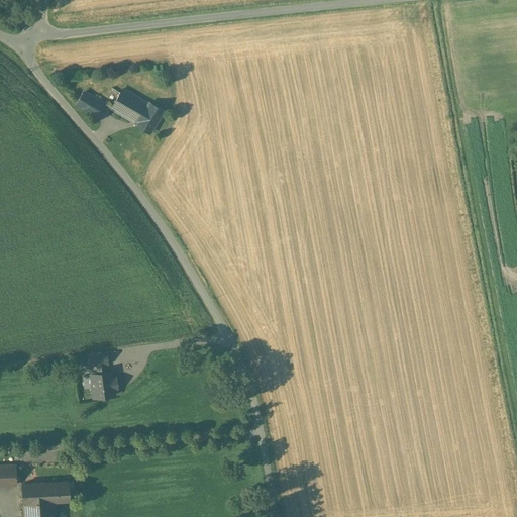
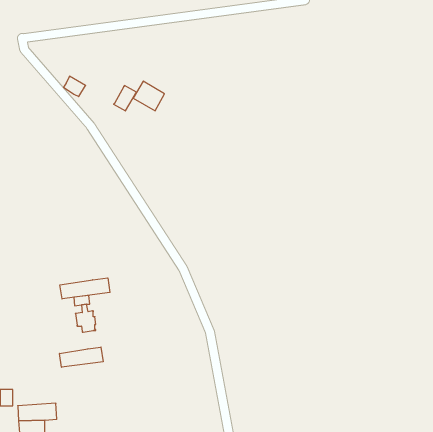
building: [110,89,147,124] -> [133,81,164,111]
building: none -> [60,278,110,299]
building: none -> [60,347,103,367]

